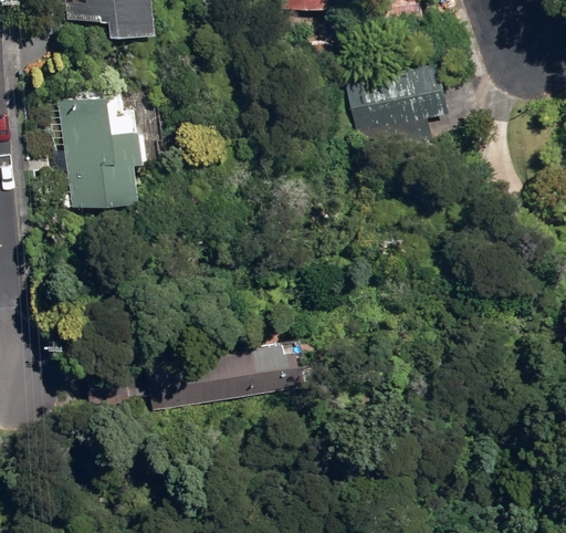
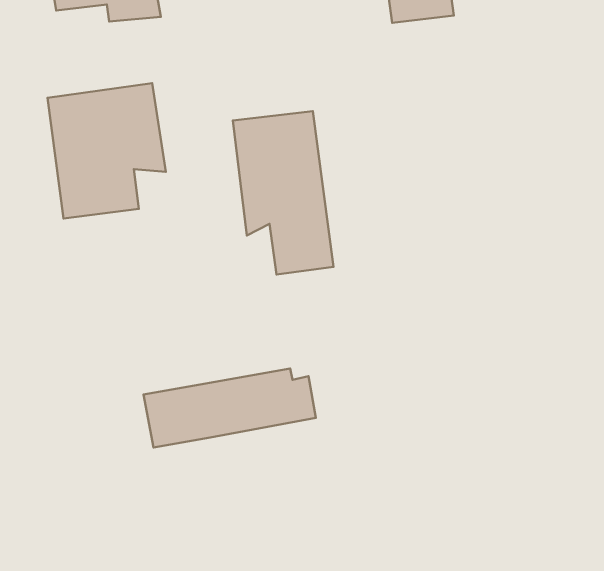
building: [342,64,449,153] -> none
building: none -> [233,111,333,275]

